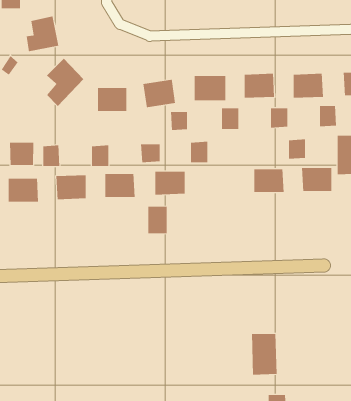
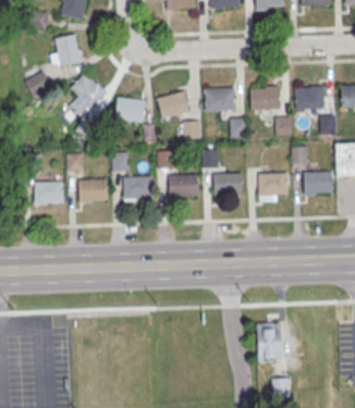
building: [10,142,34,166] -> none
building: none -> [213,173,242,196]
building: [148,206,167,234] -> none

